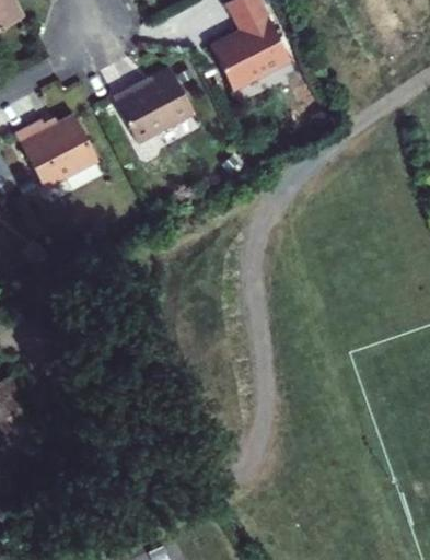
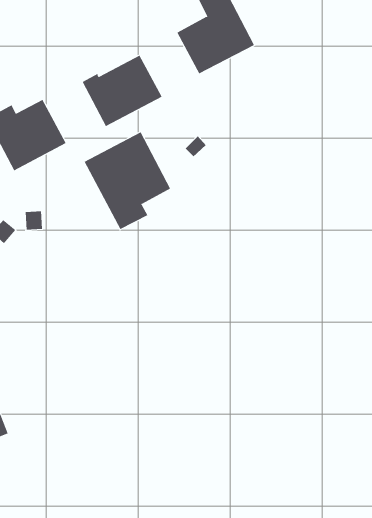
building: none -> [84,131,171,230]

